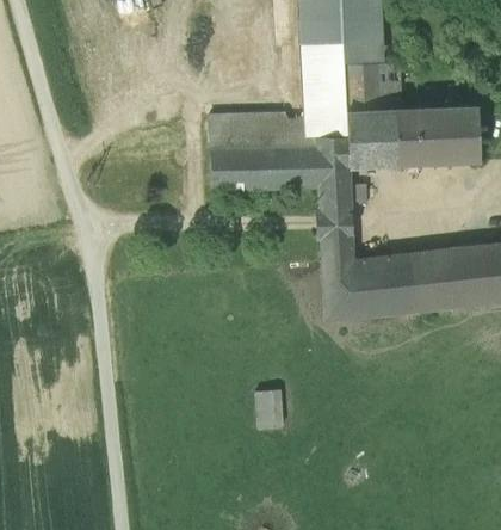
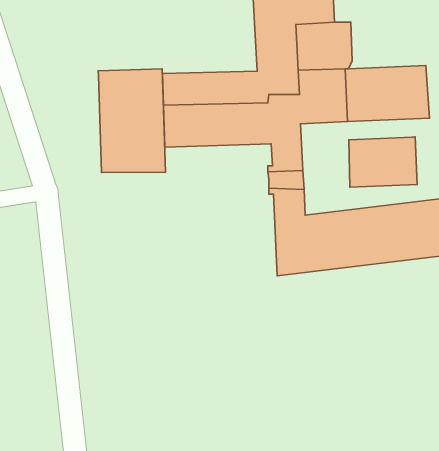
building: none -> [98,69,166,173]
building: none -> [349,137,417,187]
building: [256,390,283,430] -> none

